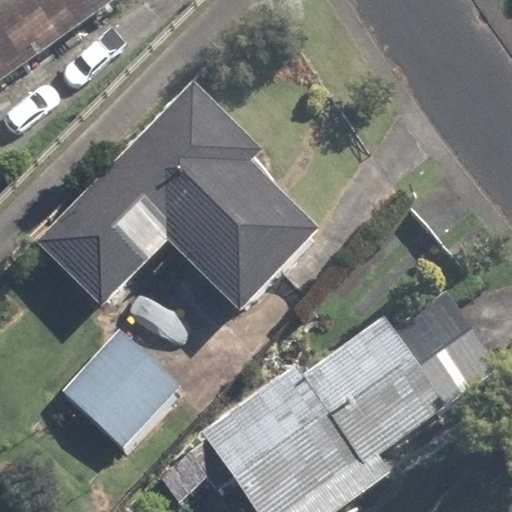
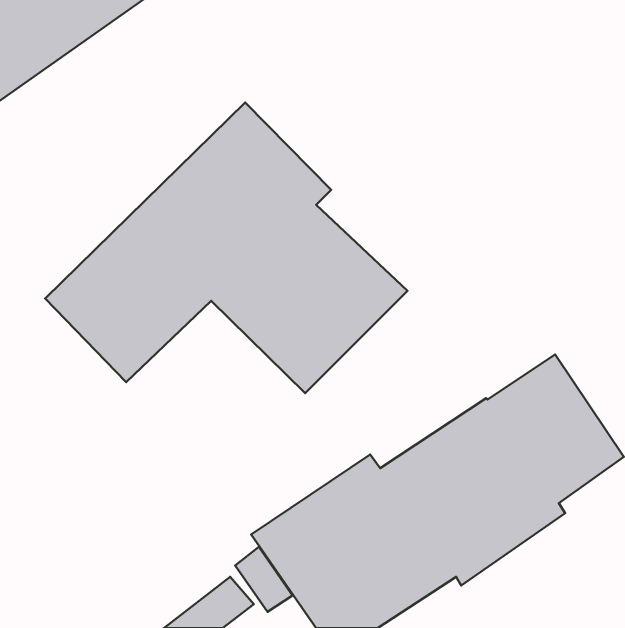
building: [59,327,179,447] -> none

